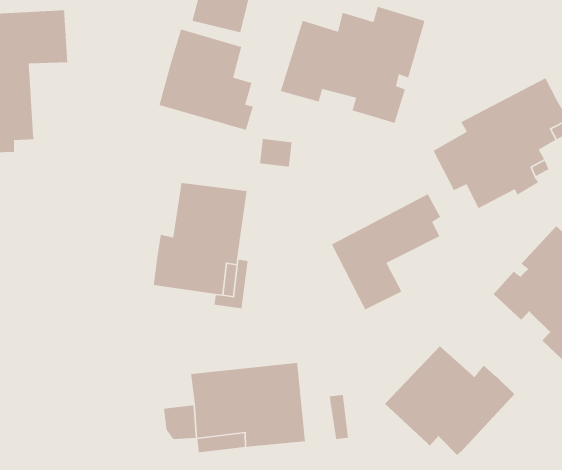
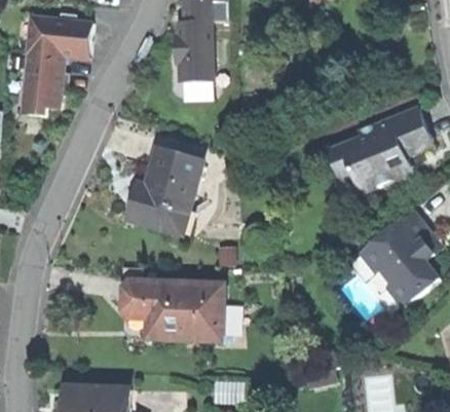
building: [280,6,426,124] -> none
building: [331,193,441,310] -> none
building: [384,345,515,456] -> none

